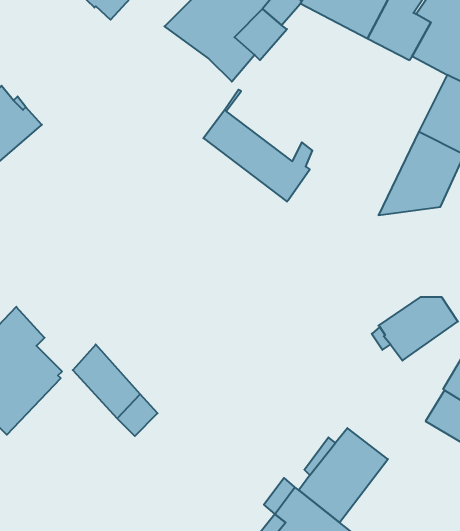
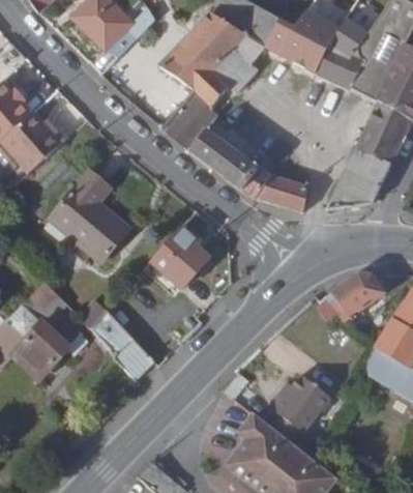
building: none -> [161,89,217,150]
building: none -> [50,171,130,261]
building: none -> [256,174,309,211]
building: none -> [151,226,210,288]

